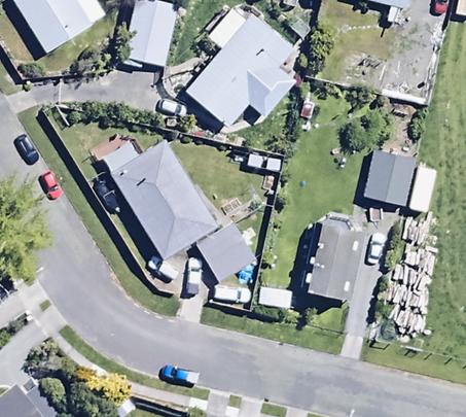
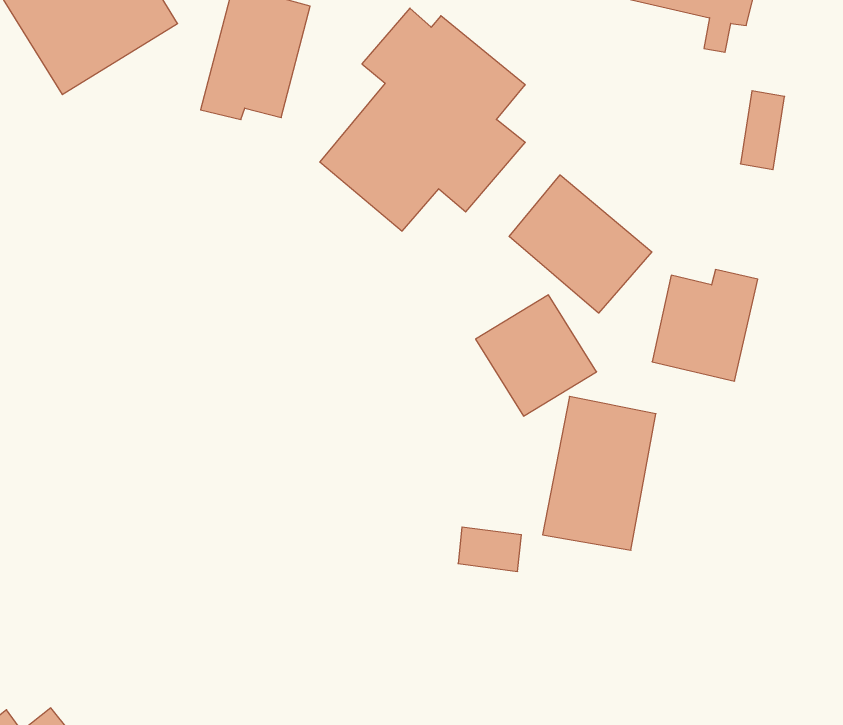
building: none -> [509,175,652,313]
building: [101,138,215,257] -> none
building: [194,220,259,285] -> [476,295,597,416]

